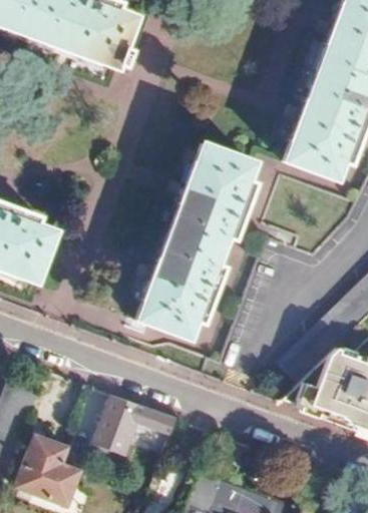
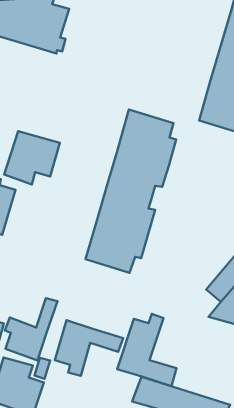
building: none -> [4,131,60,184]
building: none -> [5,298,57,361]
building: none -> [117,314,177,386]

